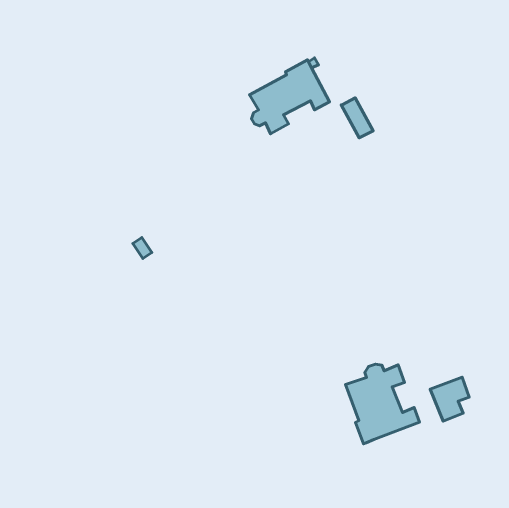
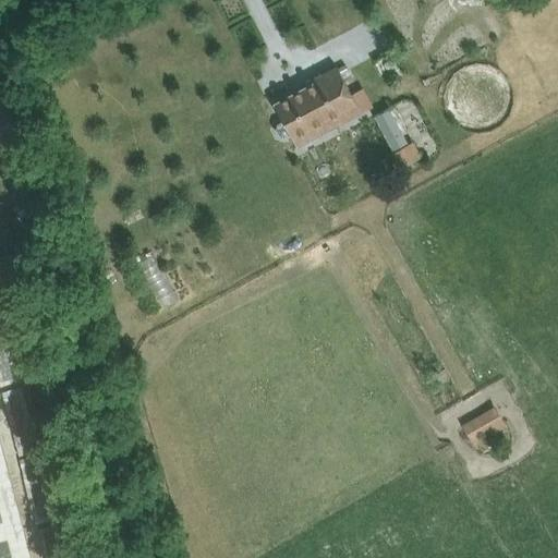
building: [345,364,420,444] -> none

